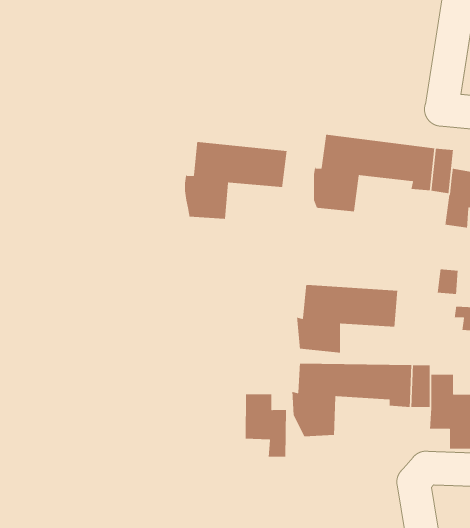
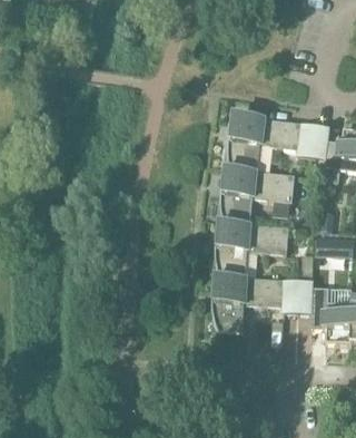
building: [184,141,288,223] -> [219,167,294,226]
building: [245,393,287,457] -> none

